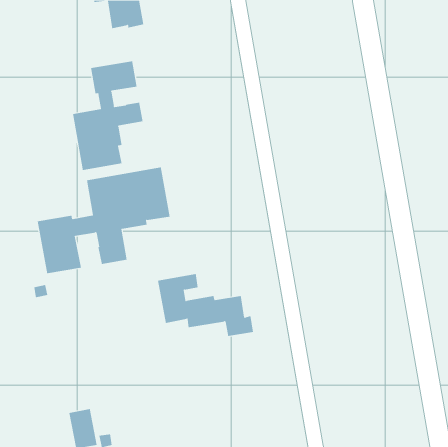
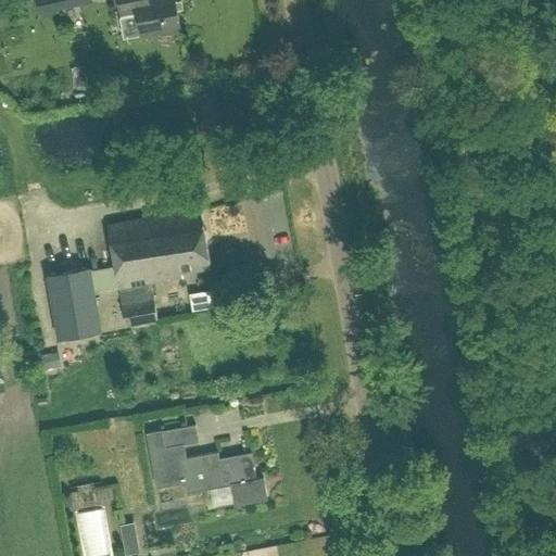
building: [73,61,143,171] -> none
building: [157,273,254,337] -> [147,427,266,505]

